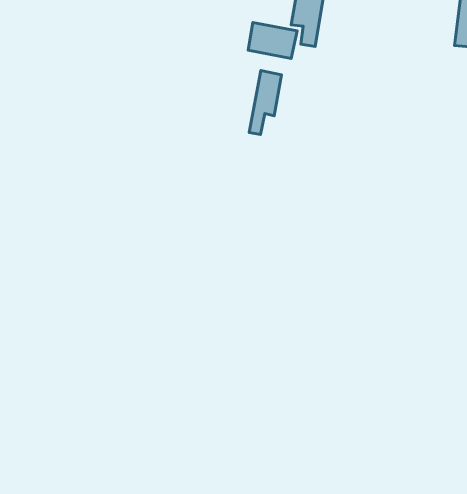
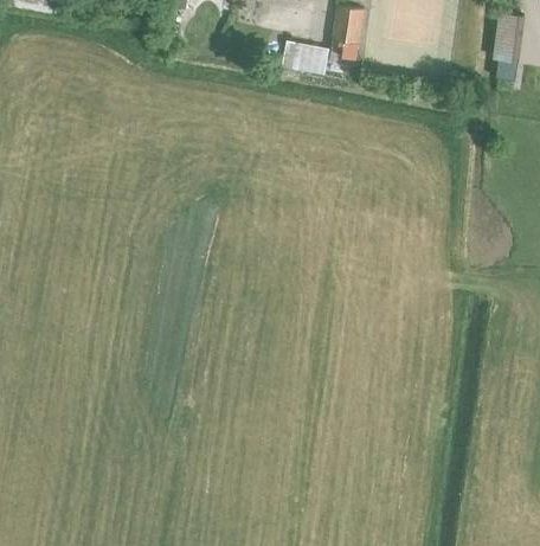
building: [249,70,282,134] -> none

